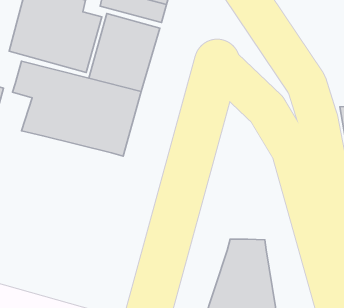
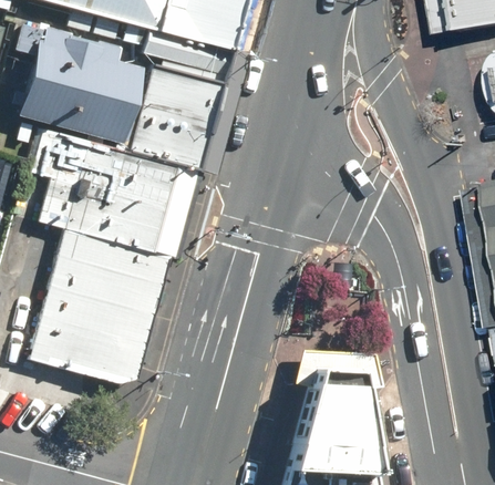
building: none -> [29,228,158,383]

